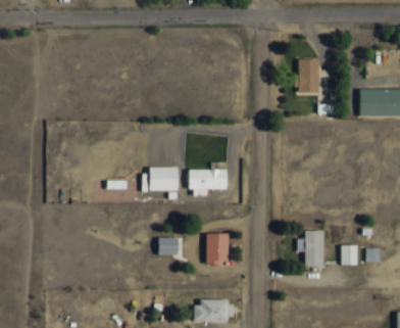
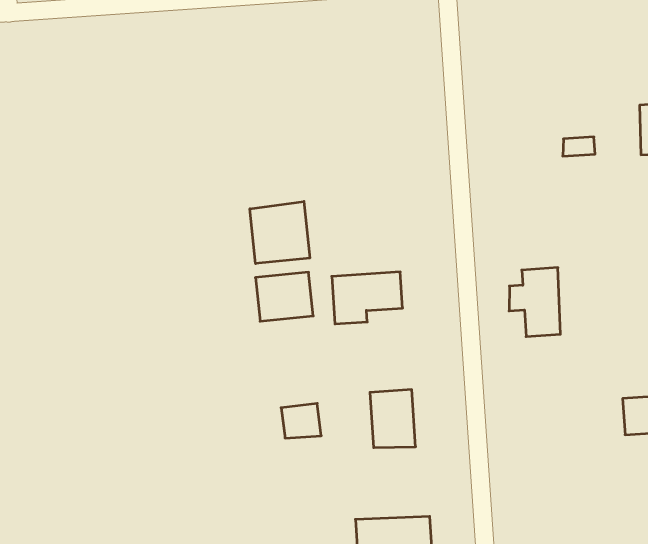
building: [297,59,319,92] -> none
building: none -> [250,201,310,264]
building: [297,230,324,266] -> [509,268,560,337]

